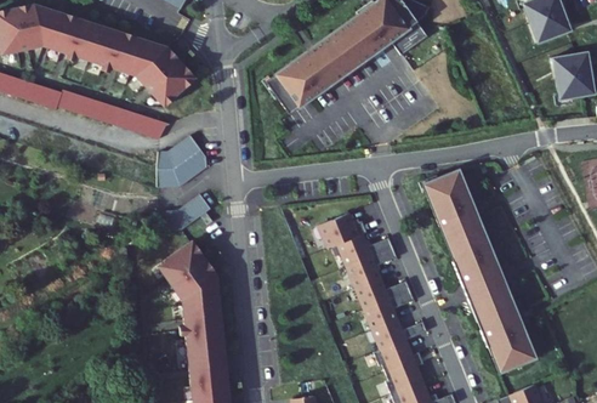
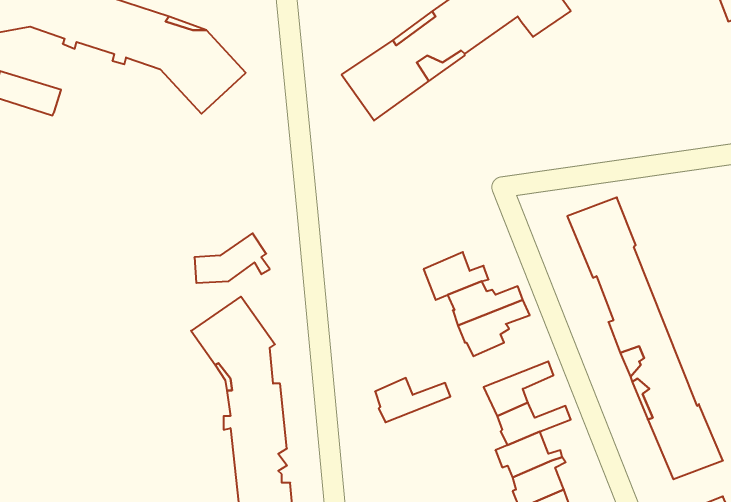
building: [59,92,167,141] -> none
building: [158,137,210,188] -> none
building: [357,272,410,303] -> [375,378,450,422]

